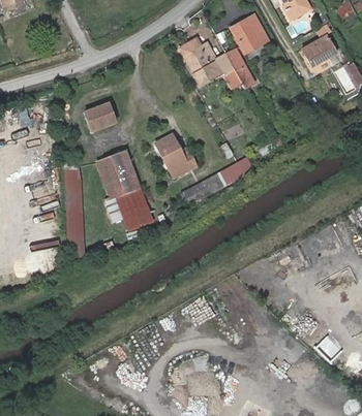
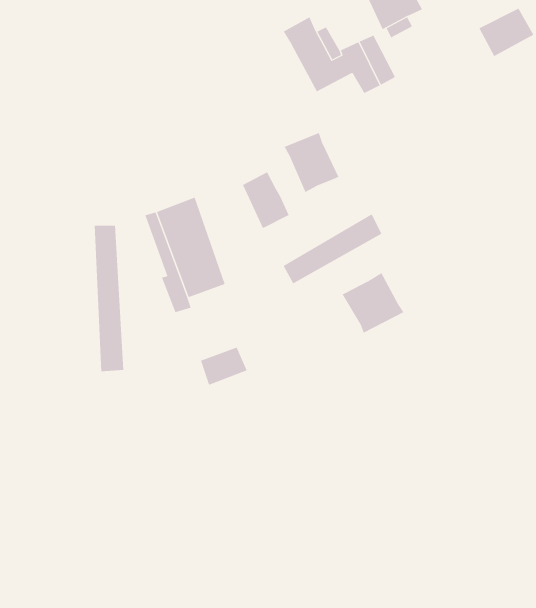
building: [86,103,117,132] -> none
building: none -> [284,132,339,193]
building: none -> [342,272,404,334]
building: [123,204,152,228] -> [200,347,247,386]

